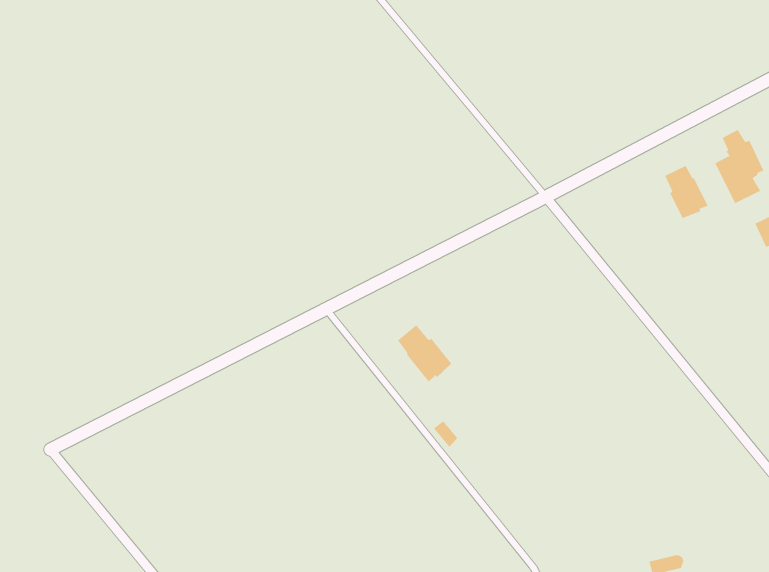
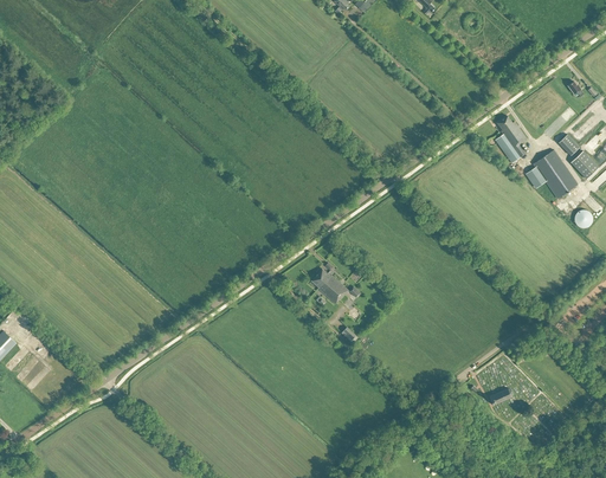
building: [664,165,708,219] -> none

